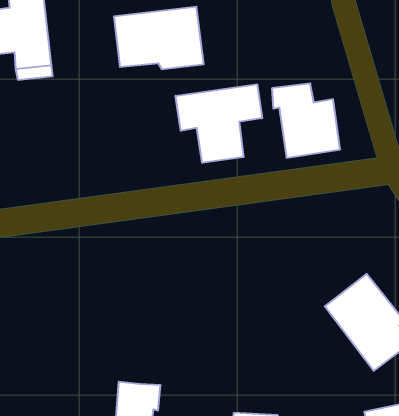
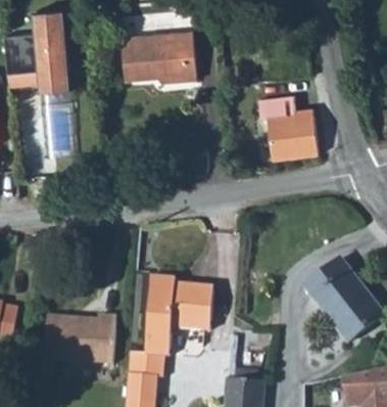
building: [176,84,262,163] -> none
building: none -> [147,273,215,354]
building: none -> [45,312,112,362]

